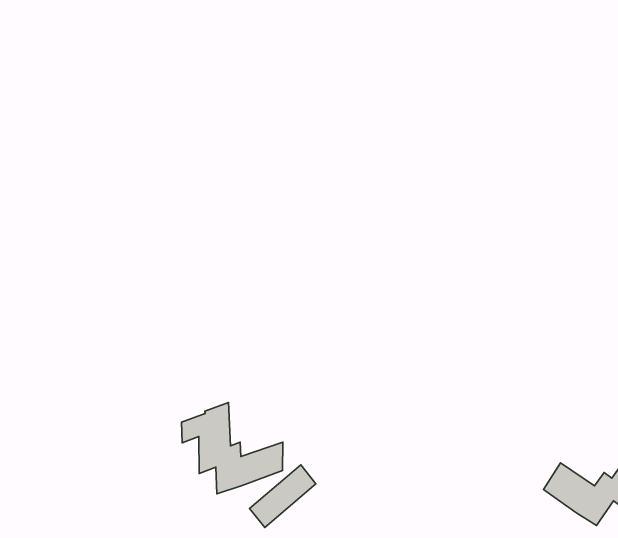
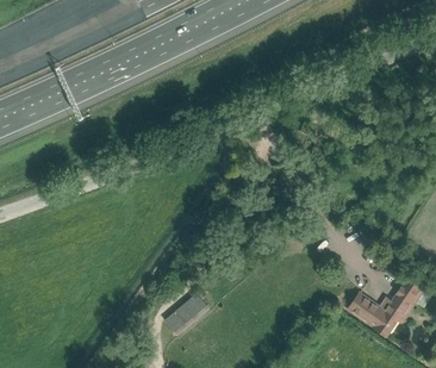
building: [182,403,283,494] -> none

